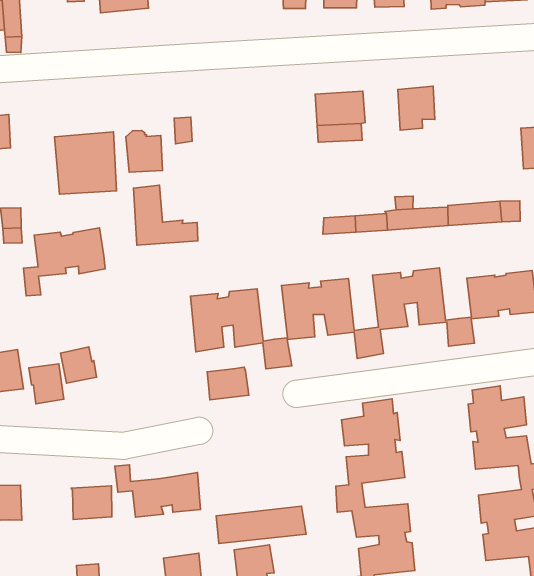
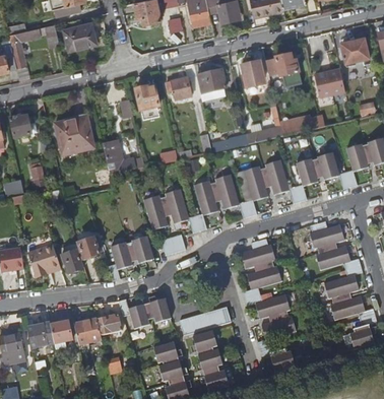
building: none -> [264,53,299,76]
building: none -> [166,77,192,99]
building: [126,130,162,172] -> [134,84,157,109]
building: [23,228,105,296] -> [108,236,153,280]
building: none -> [74,318,101,343]

